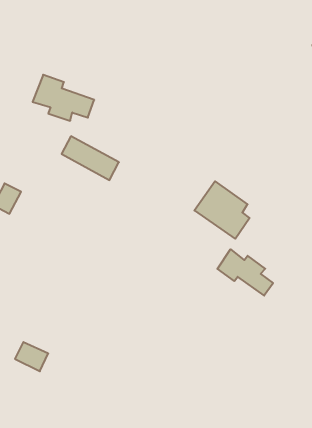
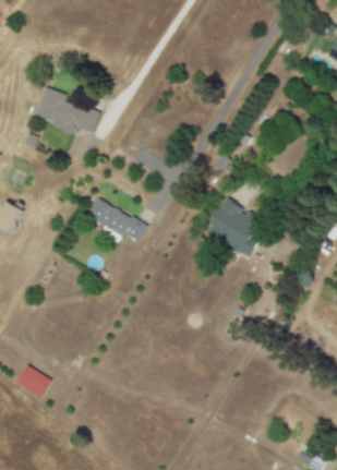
building: [62,136,119,180] -> [88,198,148,244]
building: [217,249,273,296] -> none

